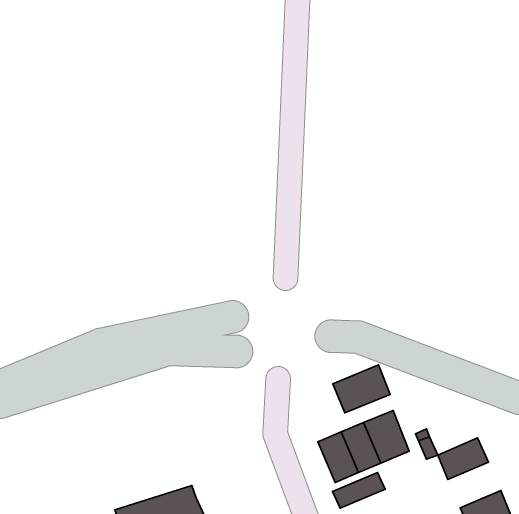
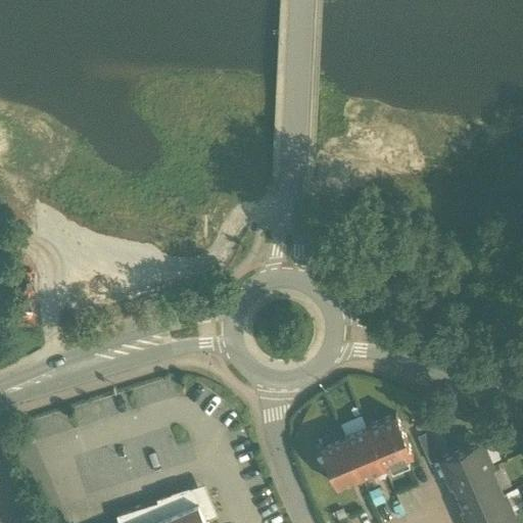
building: [333,365,390,413] -> none
building: none -> [450,470,504,516]
building: [333,472,385,508] -> none

